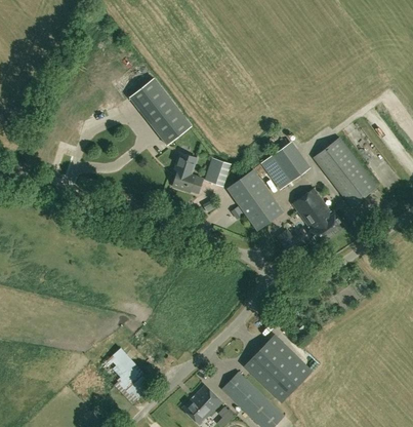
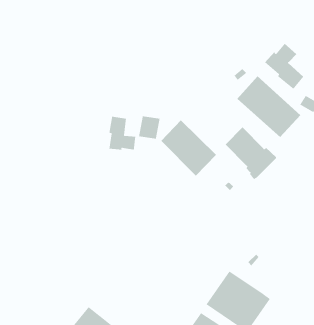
building: [129,78,192,146] -> none
building: none -> [264,43,304,90]
building: [262,144,307,189] -> none

